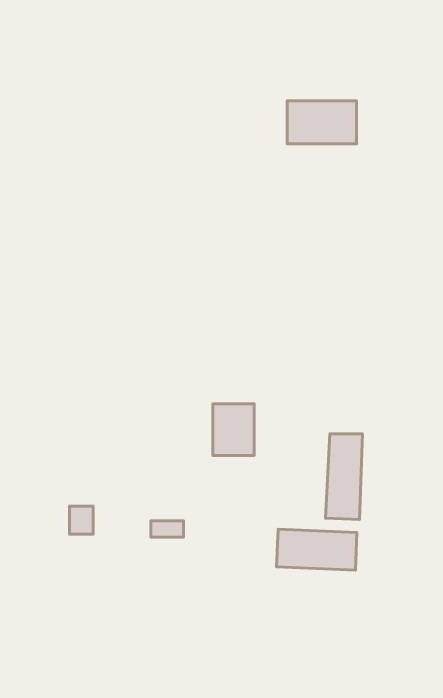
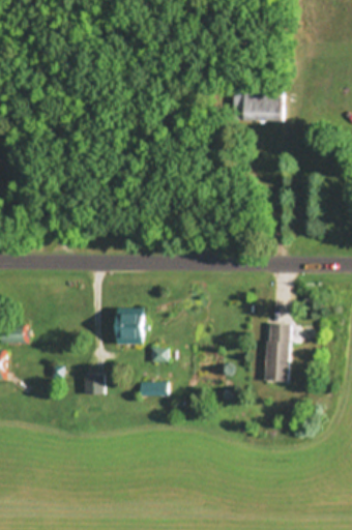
building: [213,404,254,456] -> [115,308,144,345]
building: [276,529,357,570] -> none

